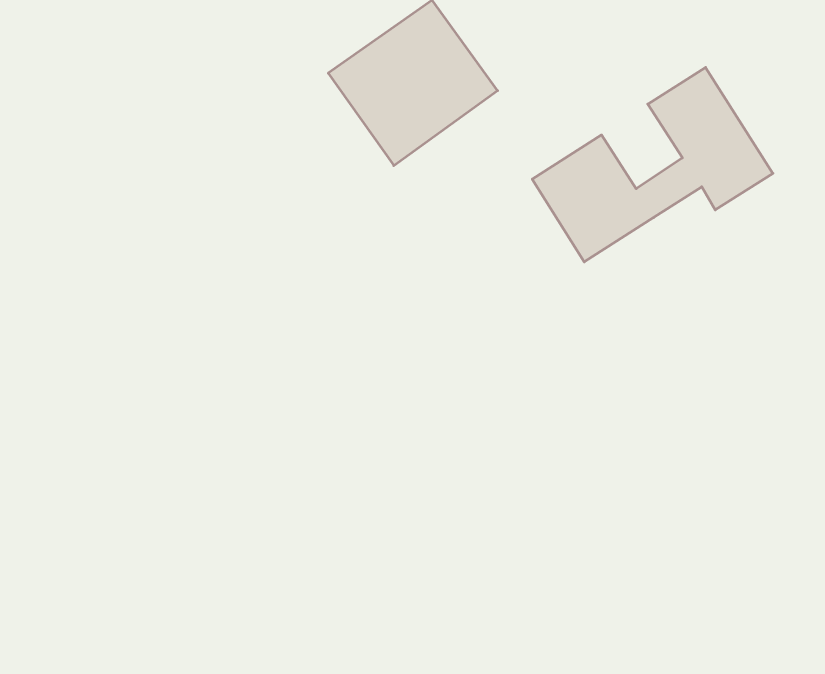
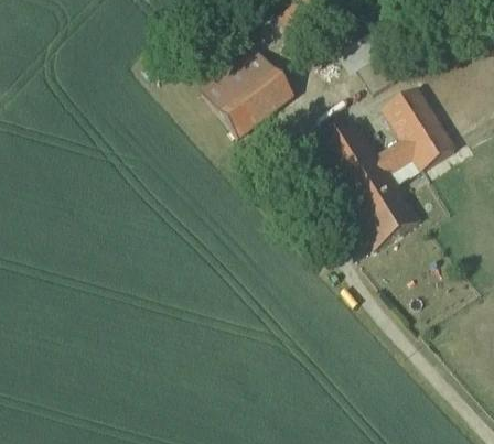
building: none -> [345,171,418,245]

